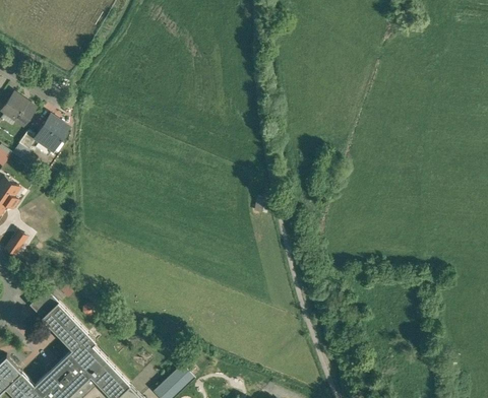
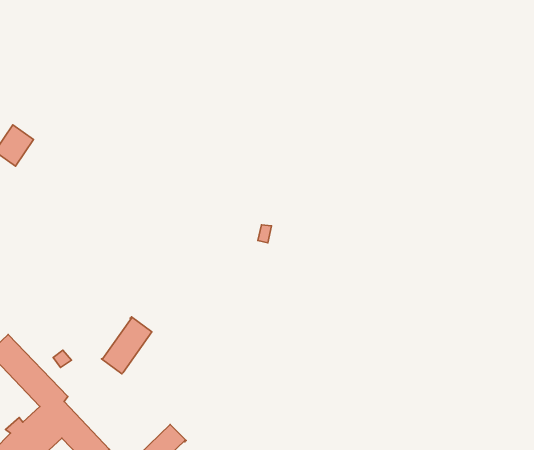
building: none -> [101,317,152,374]

